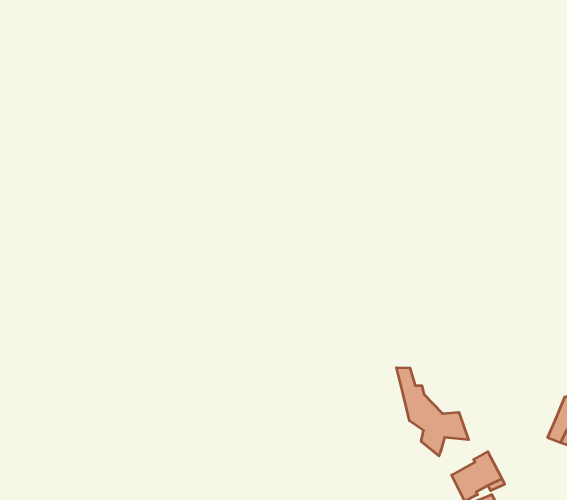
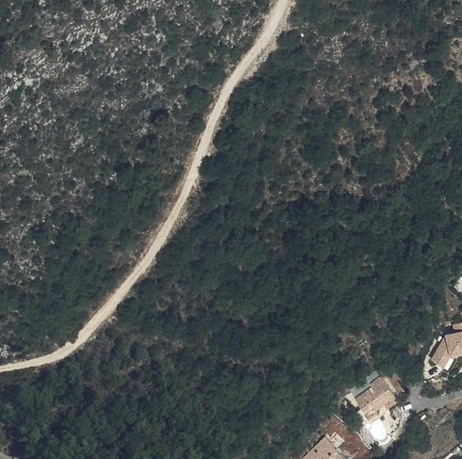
building: [396,368,469,456] -> none

